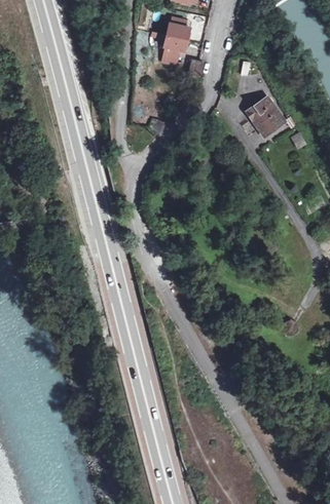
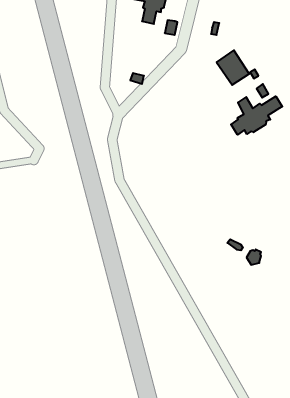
building: none -> [231,96,282,135]

